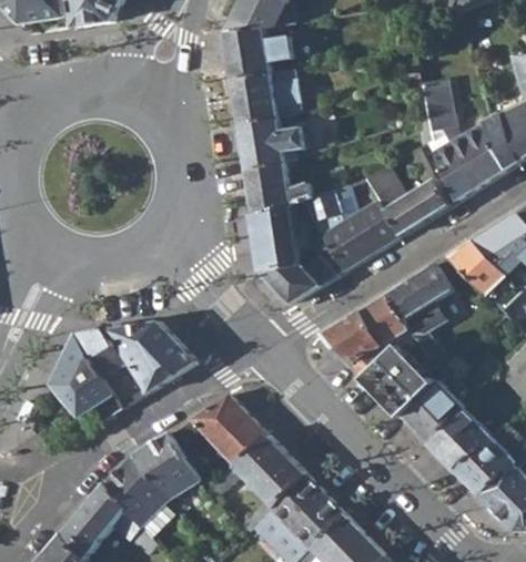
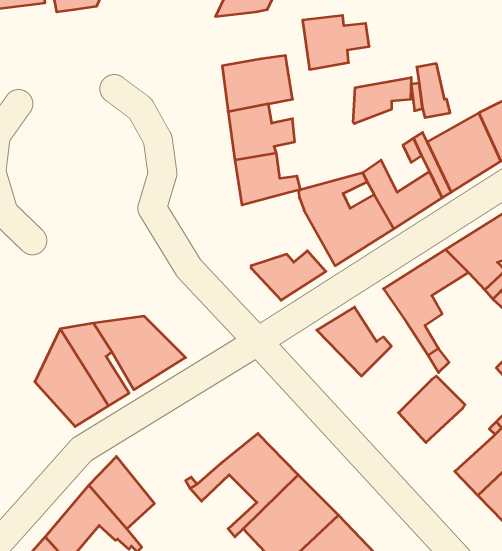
building: [224,28,289,80] -> [303,15,369,69]
building: none -> [353,77,411,124]
building: [250,202,304,273] -> none
building: [358,295,408,346] -> none
building: [365,347,433,415] -> none
building: [188,395,265,463] -> none
building: [427,410,492,471] -> none
building: [129,433,193,502] -> none

